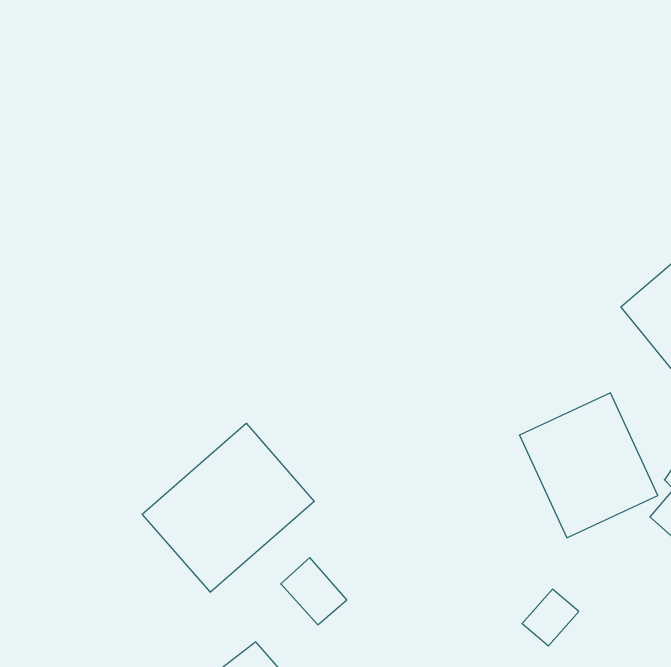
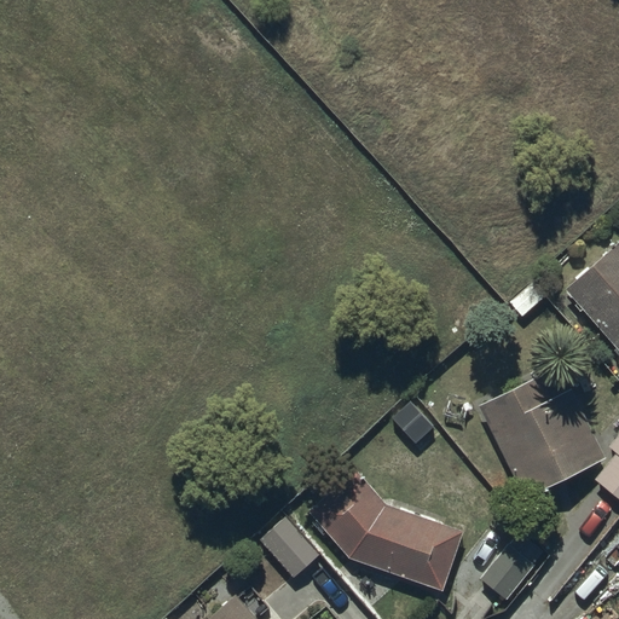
building: [142,423,314,592] -> none
building: none -> [307,470,464,590]

